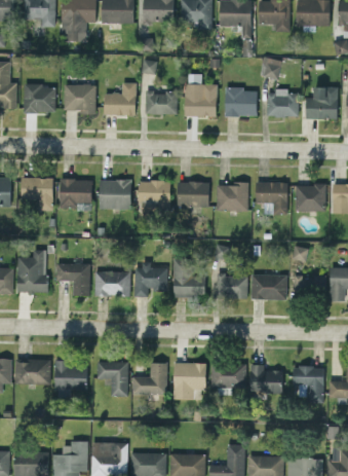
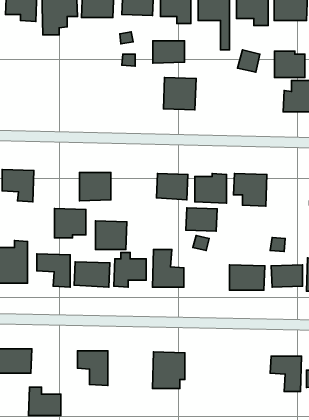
building: [103,83,136,115] -> none
building: [64,84,95,112] -> none
building: [23,86,55,113] -> none
building: [224,88,257,117] -> none
building: [267,90,298,117] -> [274,51,305,78]
building: [145,93,177,115] -> [153,41,184,63]
building: [60,179,91,209] -> [54,208,86,238]
building: [139,181,170,210] -> [95,221,127,249]
building: [295,185,325,212] -> none
building: [216,276,247,299] -> [186,208,217,231]
building: [53,361,86,390] -> [28,387,61,416]
building: [131,363,167,395] -> none
building: [210,363,245,389] -> none
building: [249,365,281,394] -> none

